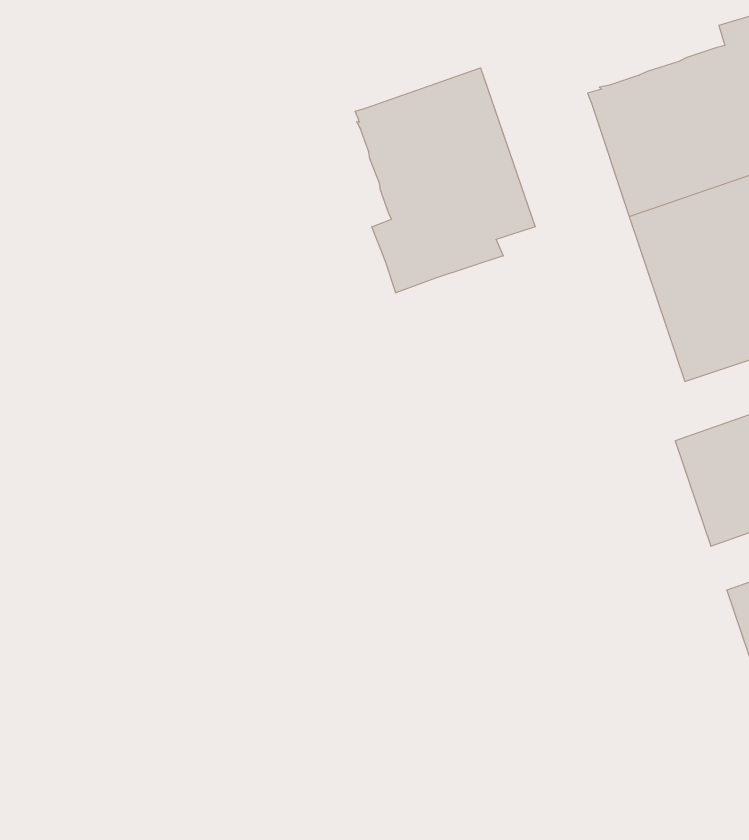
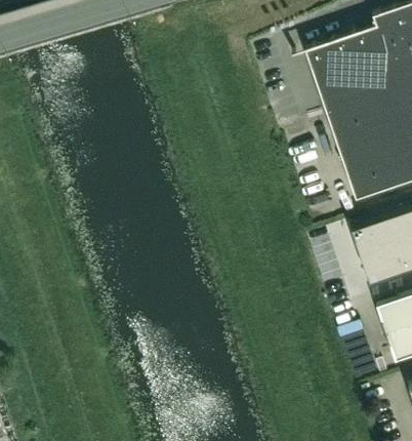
building: [355,68,535,293] -> none

